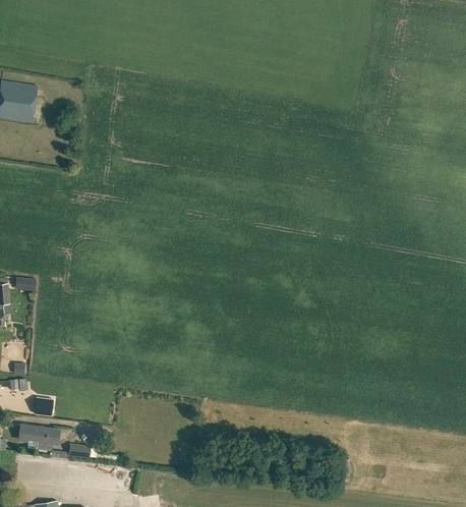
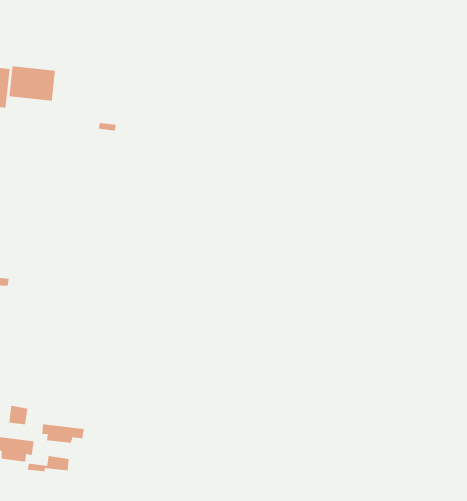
building: none -> [9,65,56,102]
building: none -> [42,424,84,444]

